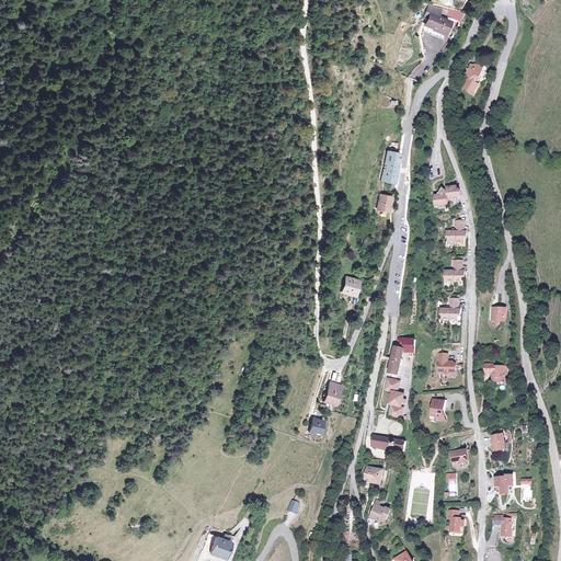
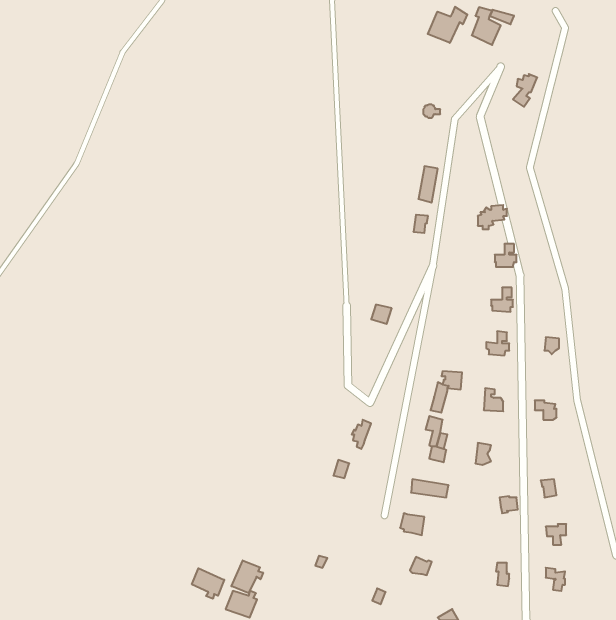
building: none -> [428,7,467,43]
building: none -> [231,560,263,593]
building: none -> [192,568,224,599]

